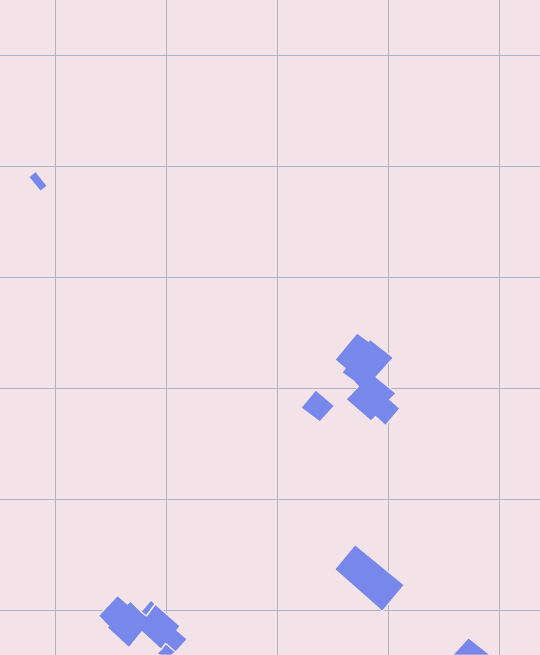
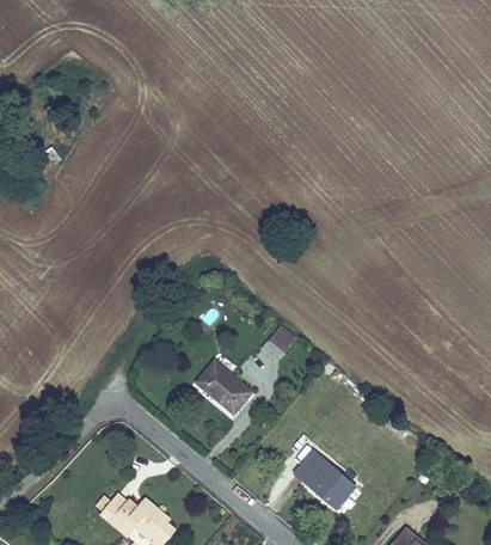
building: [335,333,400,425] -> none
building: none -> [196,362,250,414]

